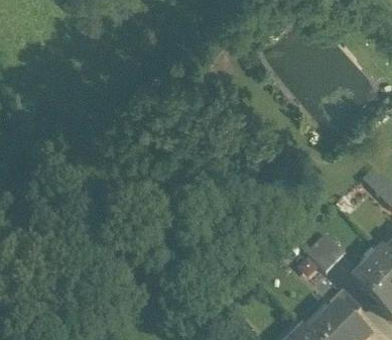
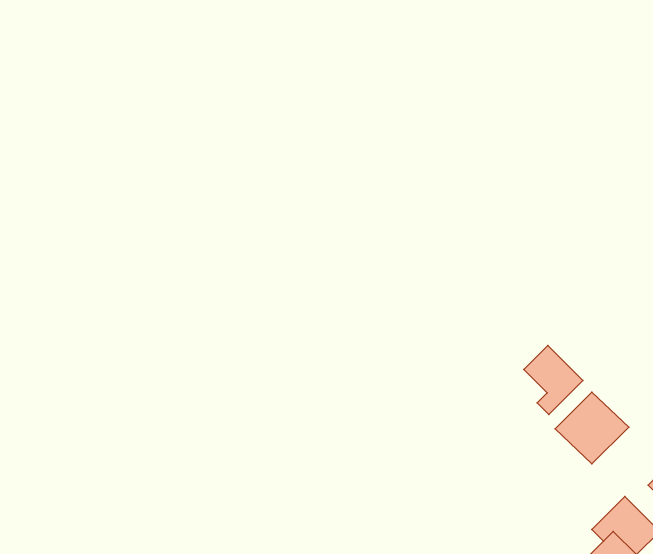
building: none -> [524,345,583,414]

